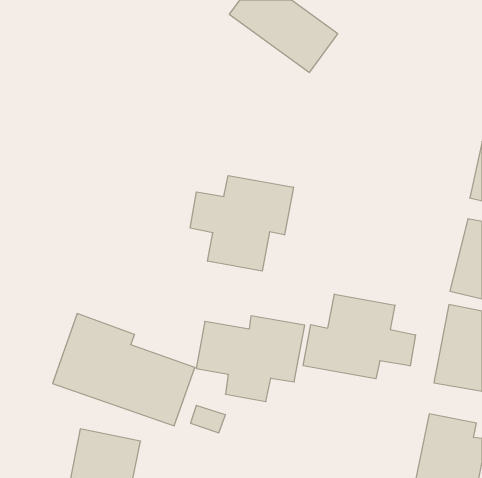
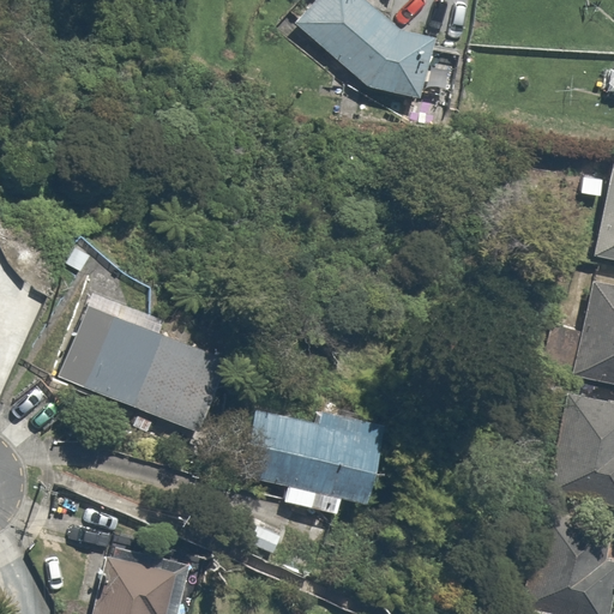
building: [190,176,294,271] -> none
building: [303,294,415,379] -> none
building: [53,314,195,426] -> [60,293,241,435]

